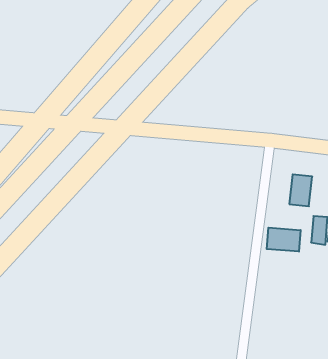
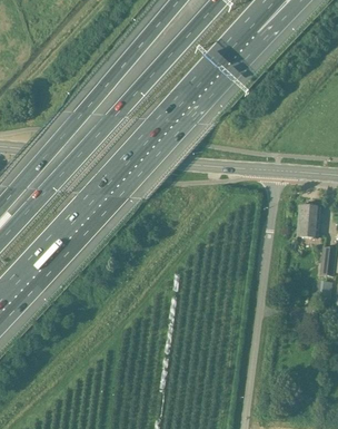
building: [267,228,301,252] -> none

